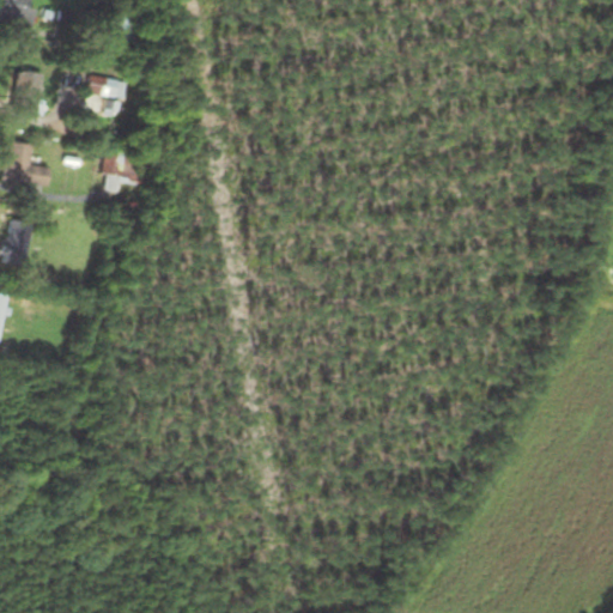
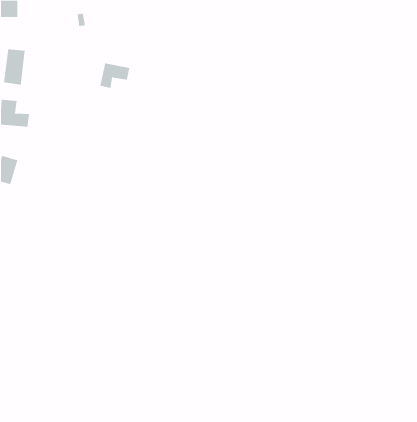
building: [85,74,129,111] -> [100,63,130,88]
building: [104,151,125,192] -> none

